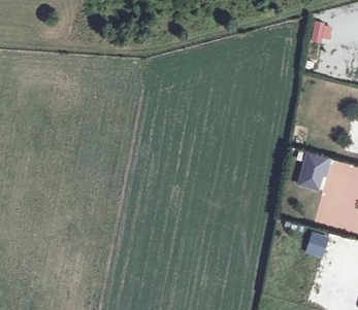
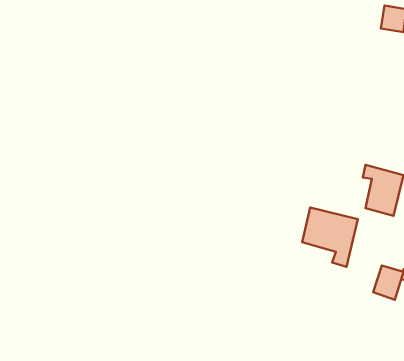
building: none -> [302,207,358,267]

